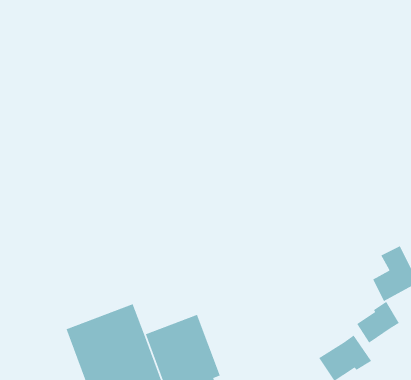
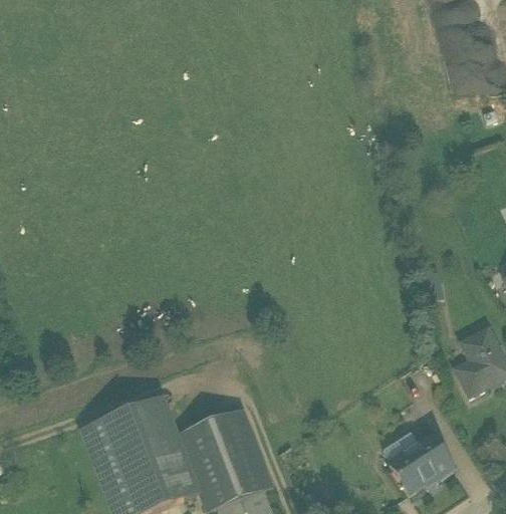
building: [356,301,400,343] -> none
building: none -> [383,431,419,462]

